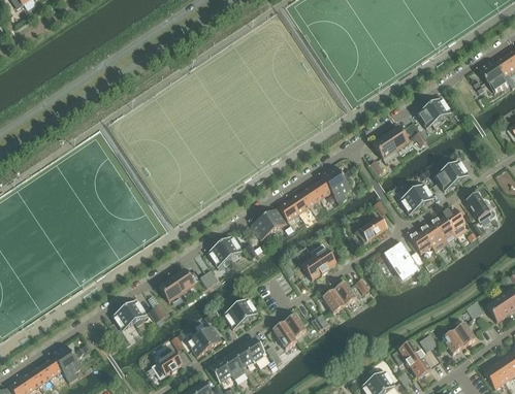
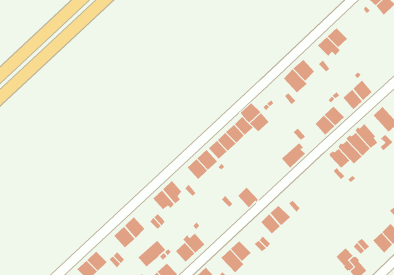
building: [310,243,335,273] -> none
building: [385,243,419,280] -> none
building: none -> [138,240,166,267]

